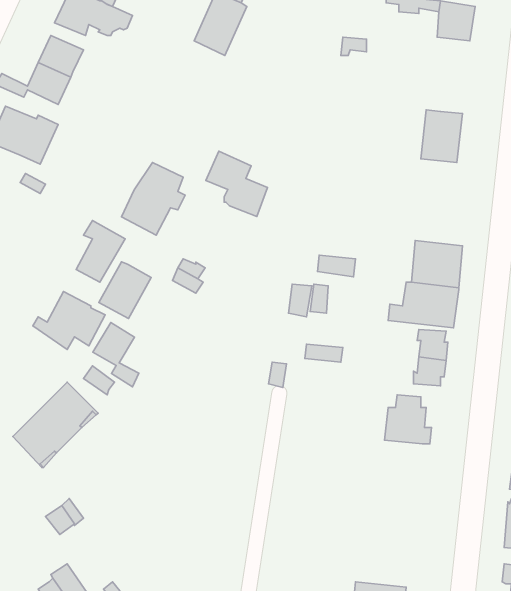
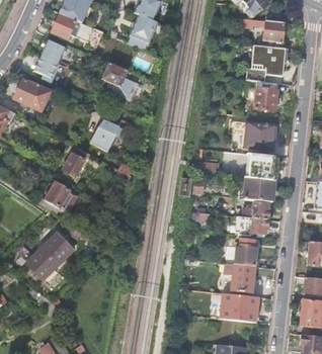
building: none -> [246,45,289,82]
building: [206,151,268,217] -> [102,63,137,99]
building: none -> [244,122,276,151]
building: [99,262,151,318] -> none
building: [93,323,139,387] -> none
building: none -> [225,264,255,292]
building: none -> [221,294,262,324]

